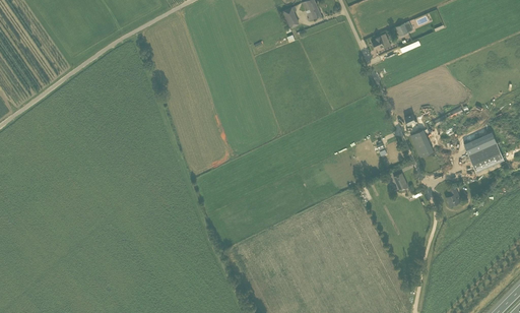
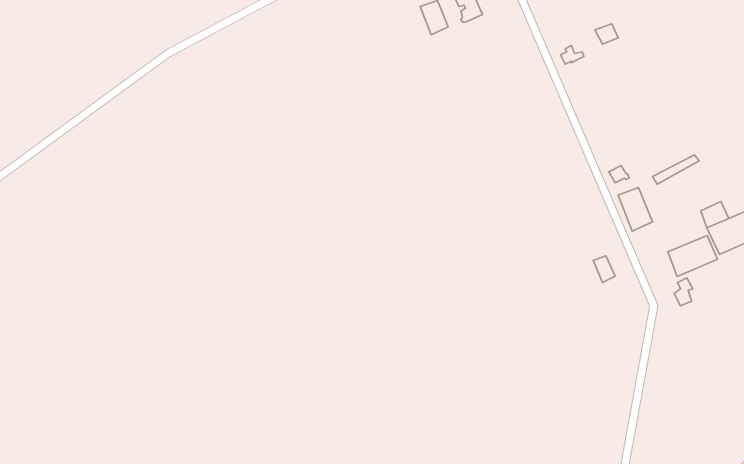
building: none -> [668,235,718,276]

